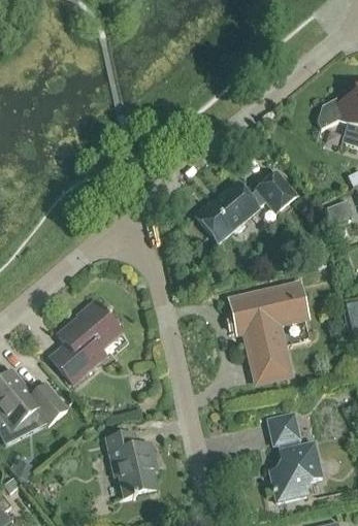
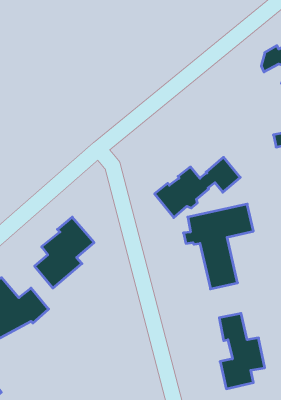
building: [195,170,296,241] -> [155,157,240,218]
building: [105,430,158,498] -> none

